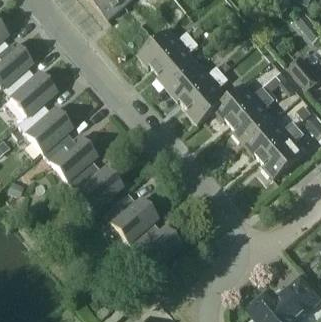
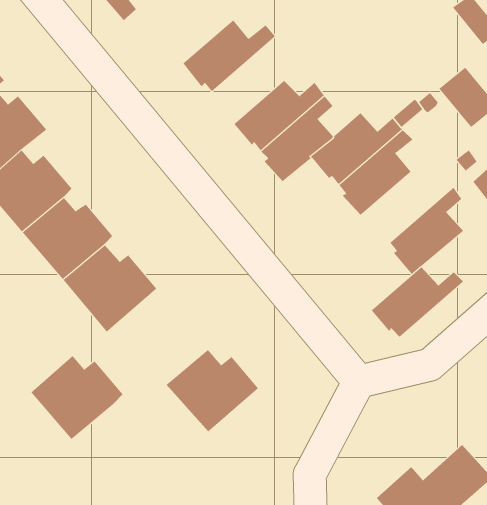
building: [153,37,196,89] -> none
building: [241,117,296,159] -> [371,266,464,337]
building: [102,193,157,243] -> [30,355,124,440]

